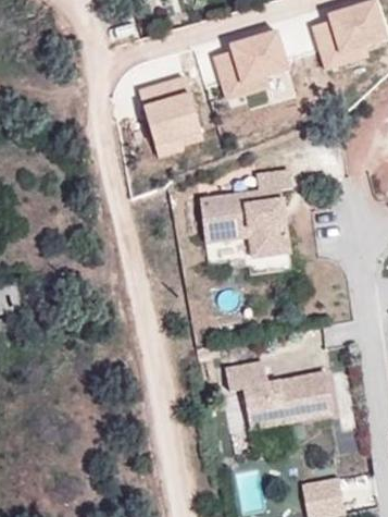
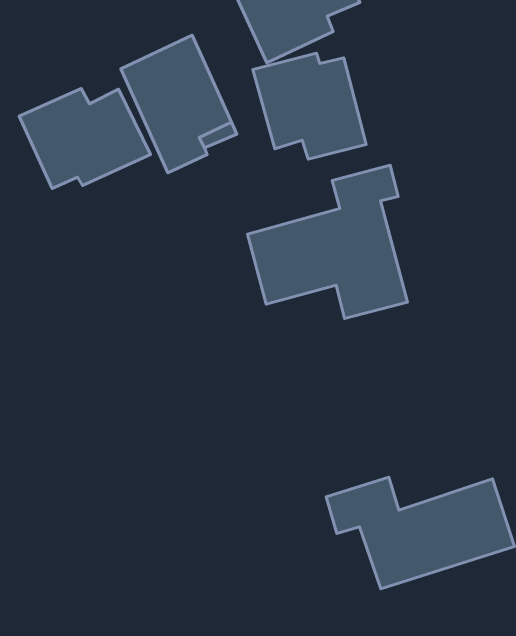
building: none -> [253,53,366,159]
building: none -> [19,88,150,188]

